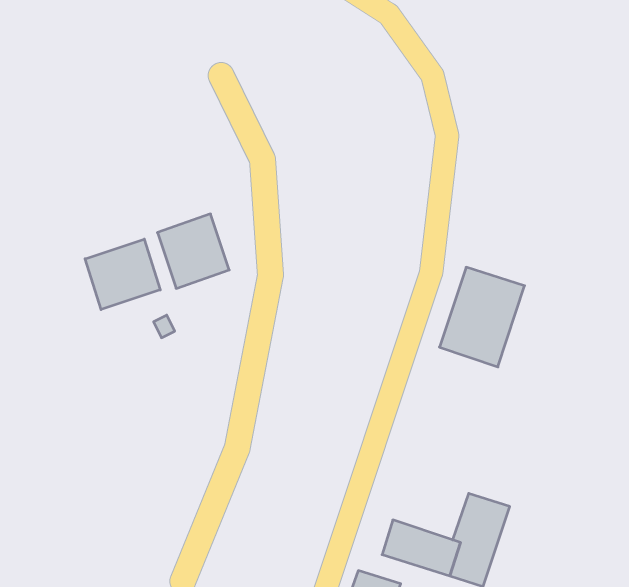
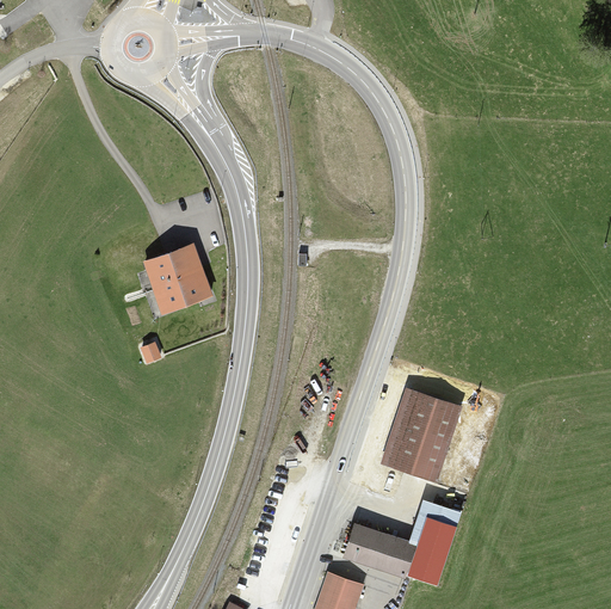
building: [85,239,160,310] -> none
building: [439,267,525,367] -> [383,389,459,479]

